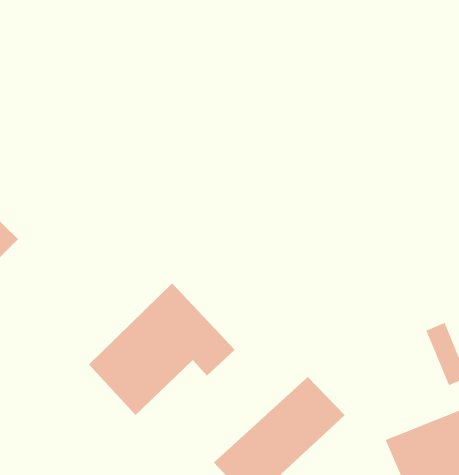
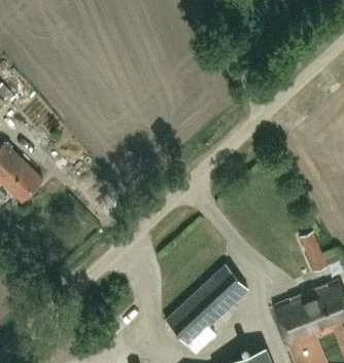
building: [88,282,236,416] -> none

